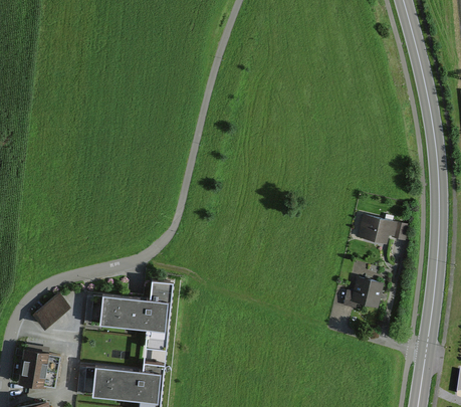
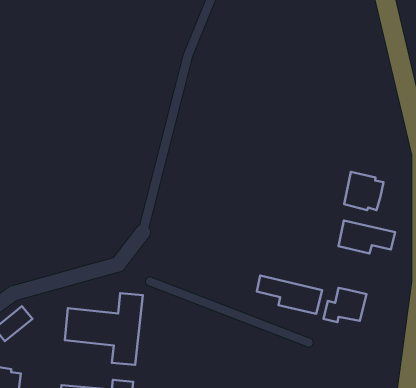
building: none -> [344,172,384,210]
building: none -> [257,276,322,314]

